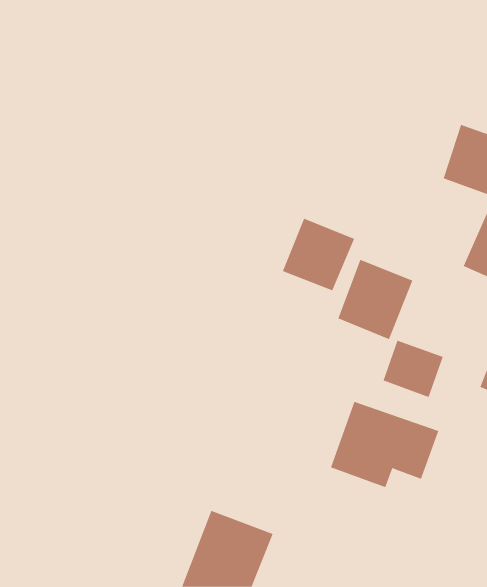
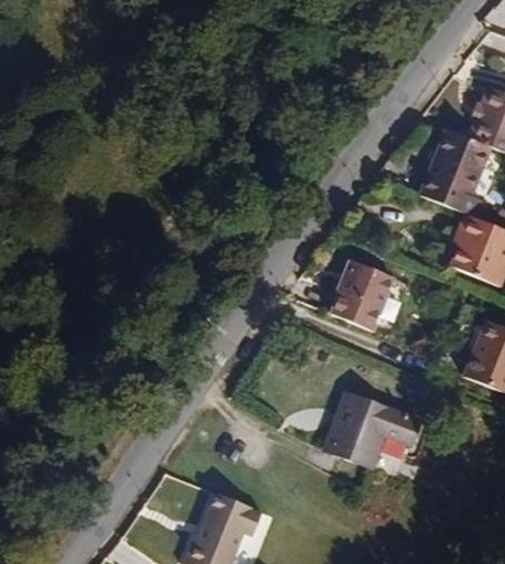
building: [282,218,355,291] -> none
building: [383,340,444,398] -> none

